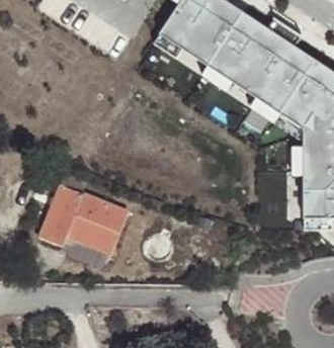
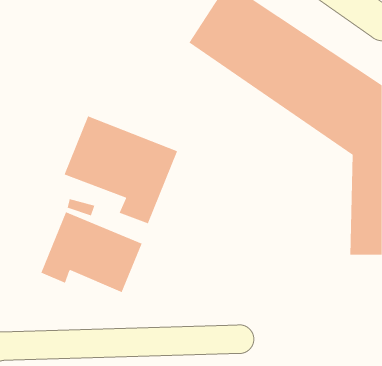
building: none -> [64,116,178,224]

